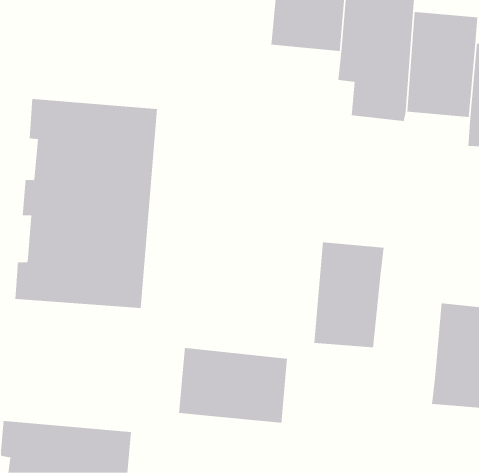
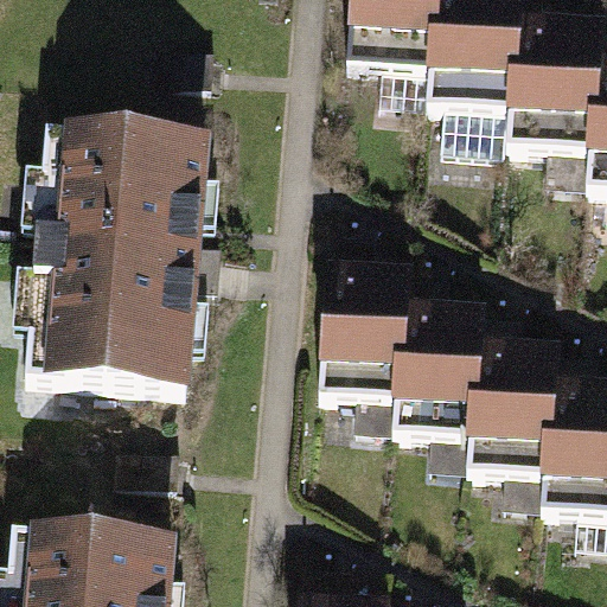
building: none -> [321,261,415,396]
building: none -> [473,339,561,469]
building: [179,347,288,423] -> none

